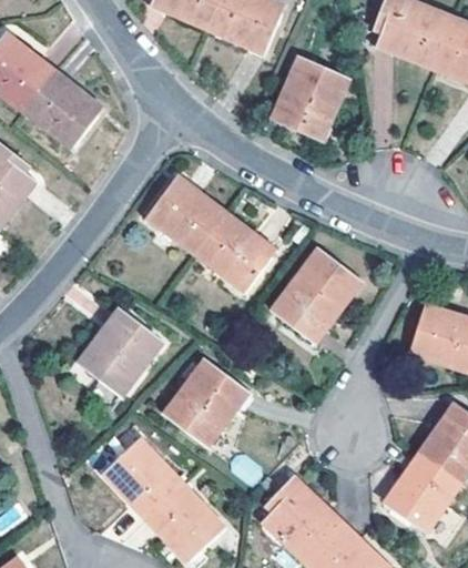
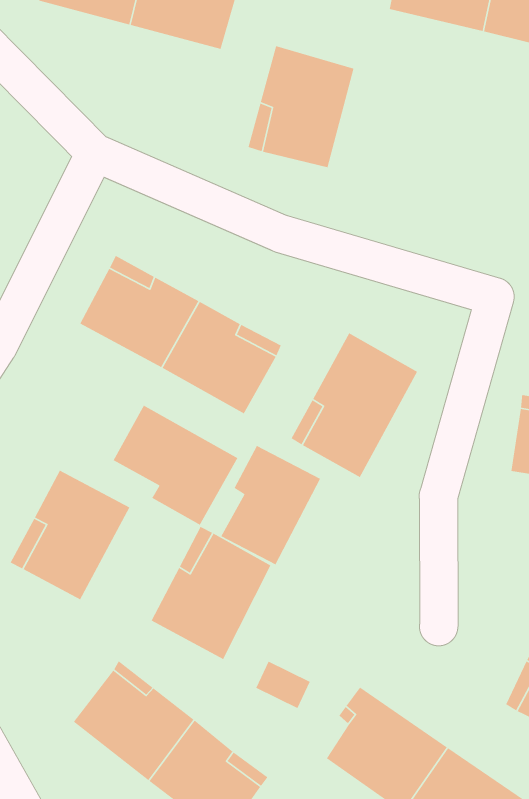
building: none -> [112,405,239,526]
building: none -> [220,445,321,565]

